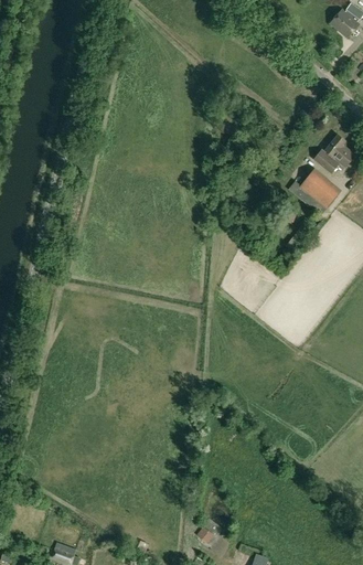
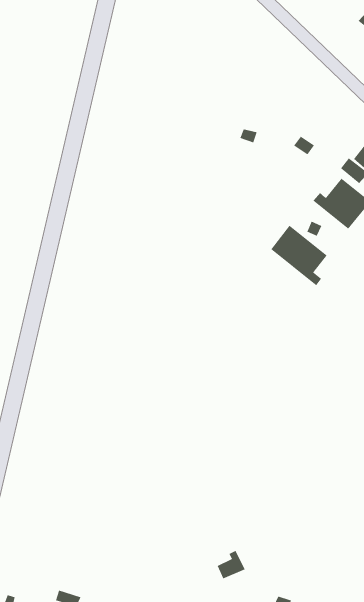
building: none -> [270,225,327,286]

